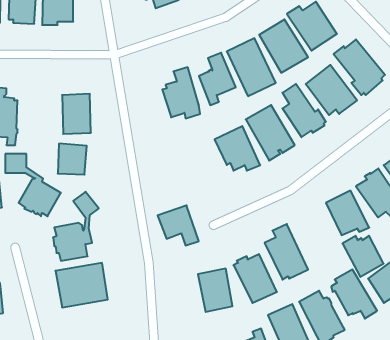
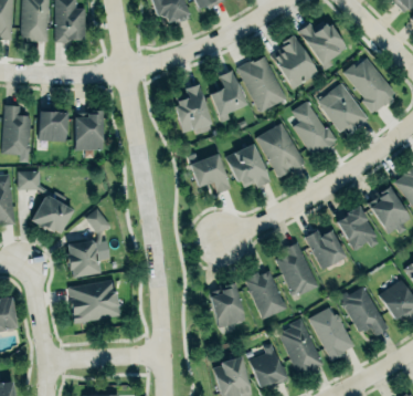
building: [58,144,87,175] -> [38,110,66,140]
building: [158,205,199,245] -> [189,153,230,192]
building: [342,236,384,277] -> [304,228,345,269]

